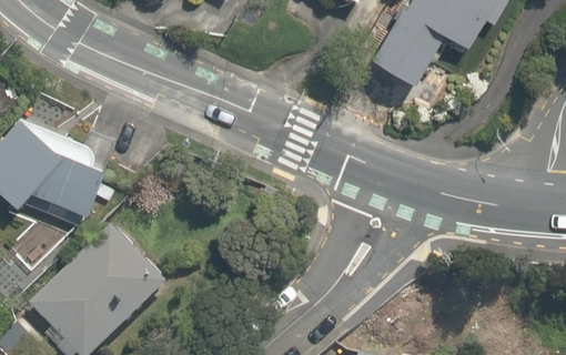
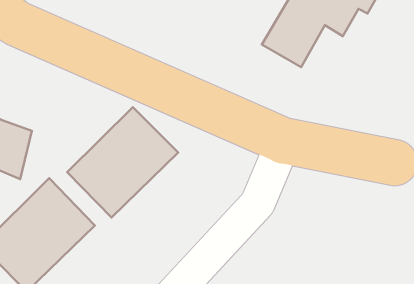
building: none -> [67,107,178,217]

